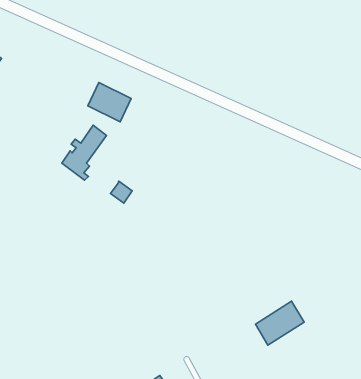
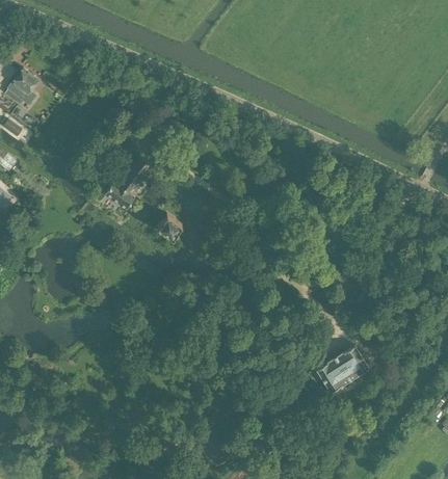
building: [88,82,131,122] -> none

